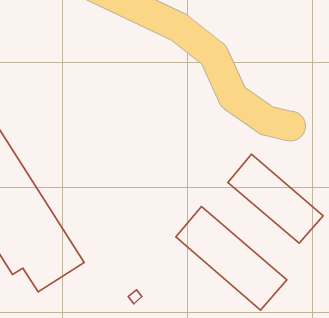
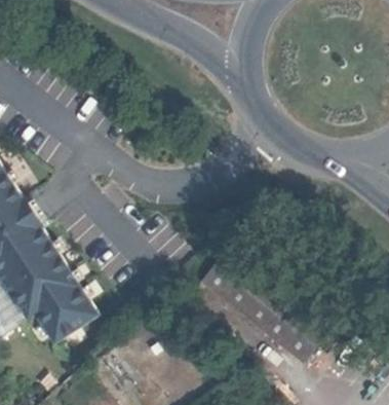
building: [228,154,323,243] -> none

